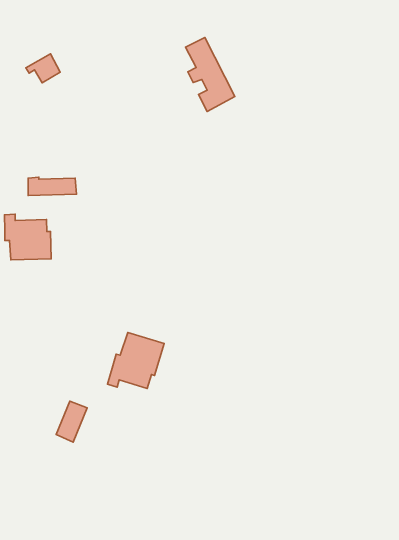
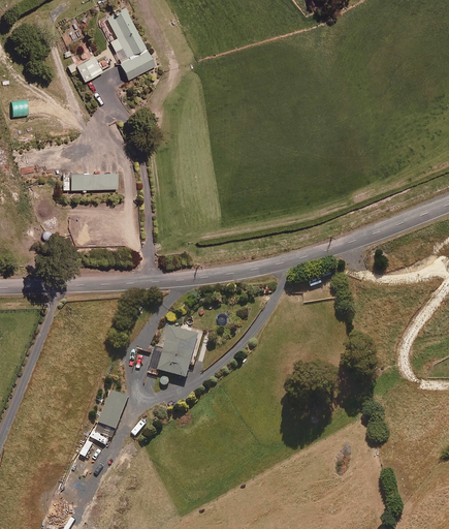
building: [186,38,235,112] -> [106,8,154,80]
building: [4,214,51,260] -> none

